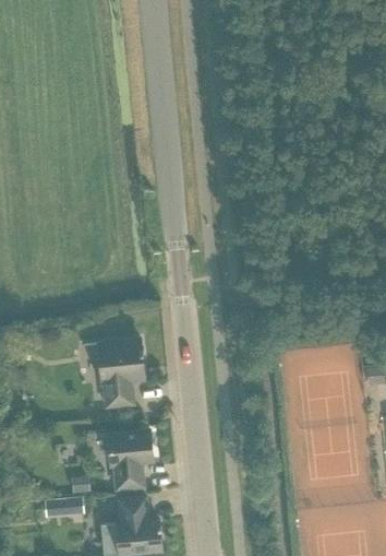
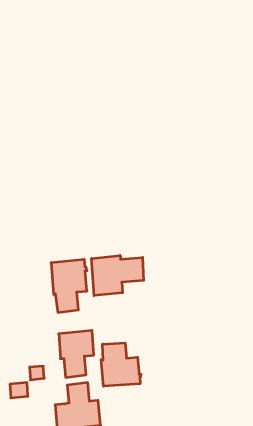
building: none -> [92,255,144,296]
building: none -> [101,343,141,386]

